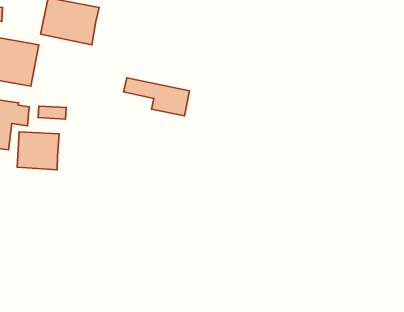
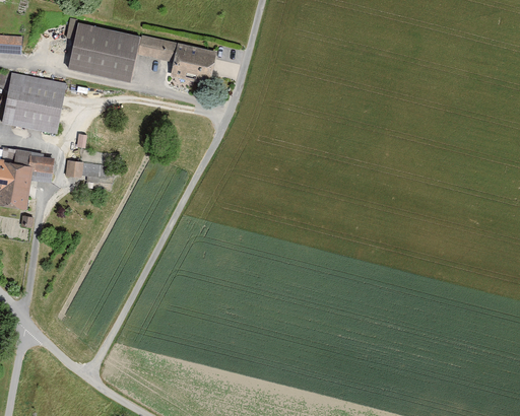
building: [123,78,189,116] -> [135,36,216,82]
building: [17,132,59,170] -> none

